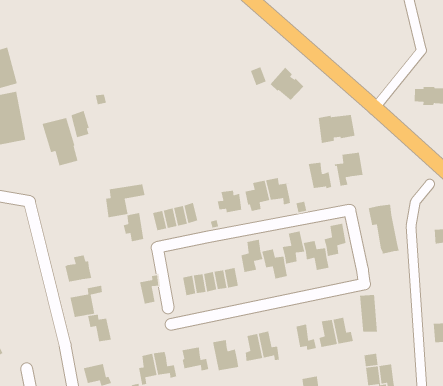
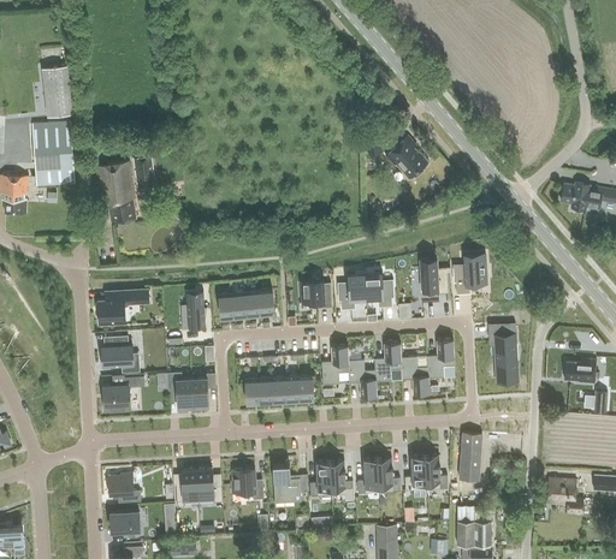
building: [318,114,355,144] -> none
building: [105,183,145,218] -> [97,287,148,325]
building: [87,314,112,342] -> [166,373,192,408]
building: none -> [356,459,378,493]

